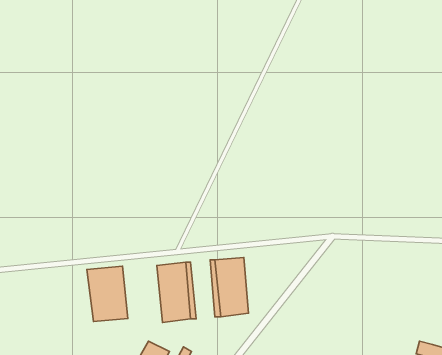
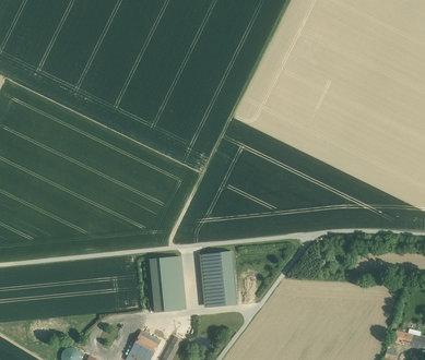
building: [87,266,128,321] -> none

